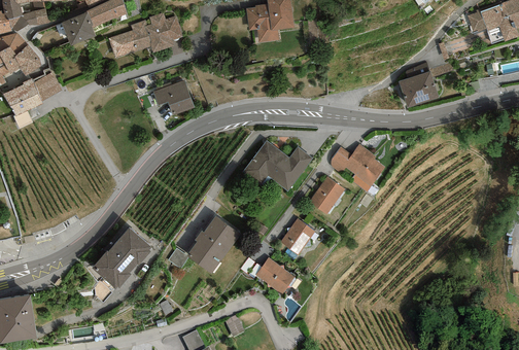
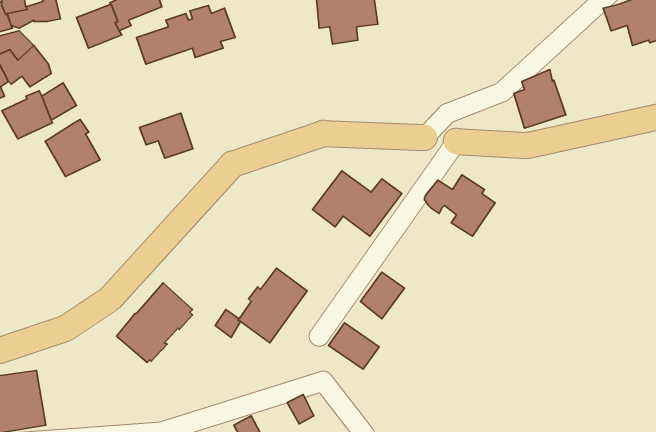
building: [152,79,194,114] -> [140,113,193,158]
building: none -> [45,119,100,176]
building: [308,176,345,214] -> none

